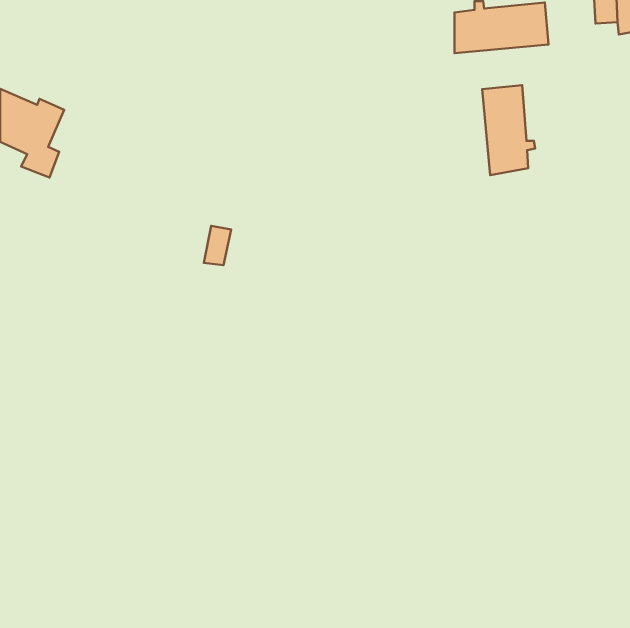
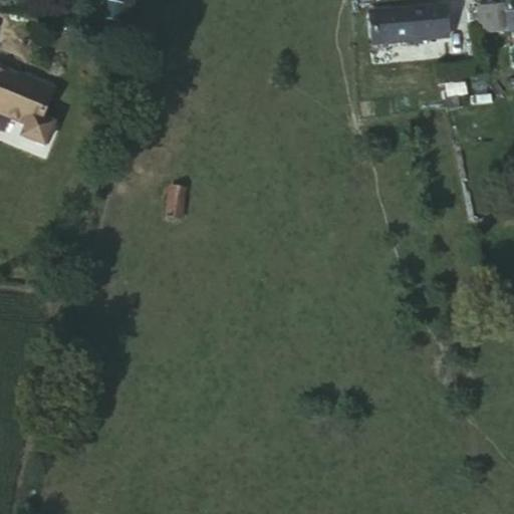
building: [482,85,535,175] -> none

